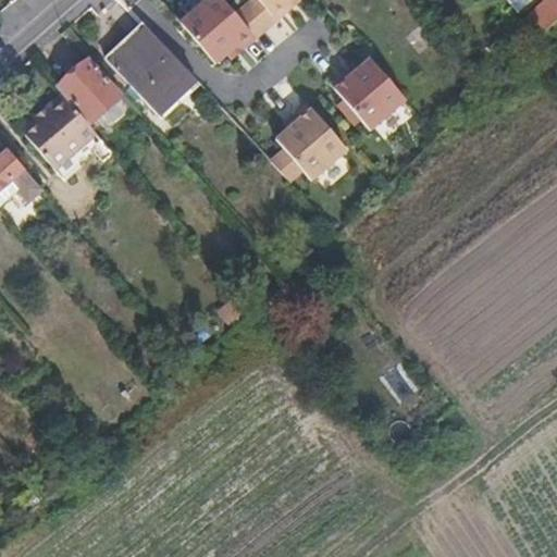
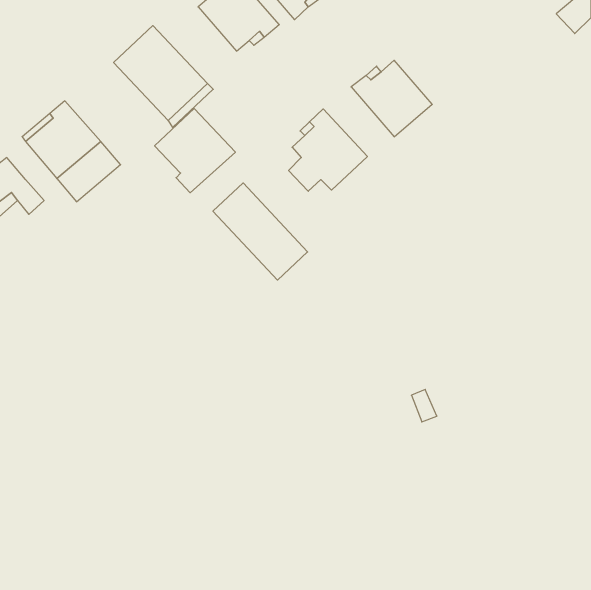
building: [57,57,122,123] -> none
building: none -> [155,109,235,193]
building: none -> [213,183,308,280]

